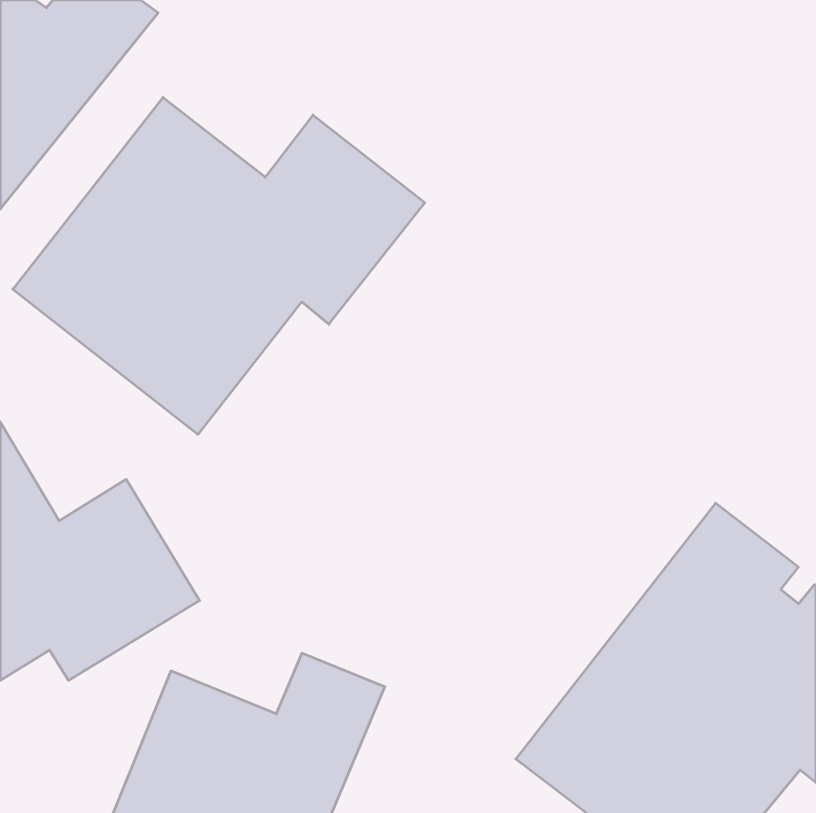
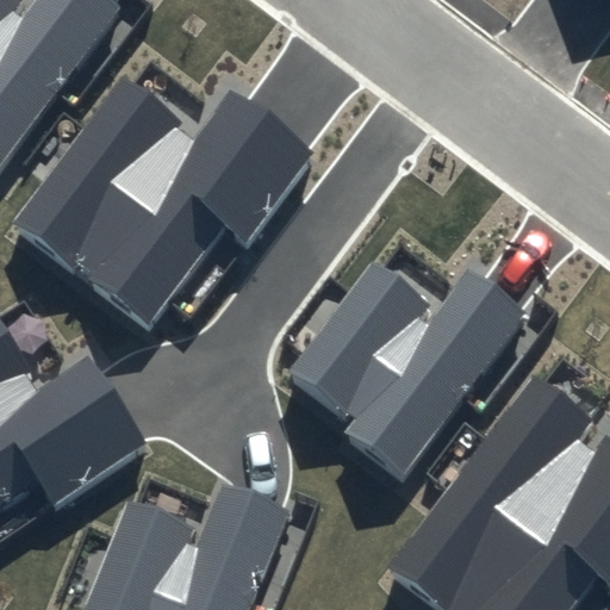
building: none -> [290,268,522,478]

